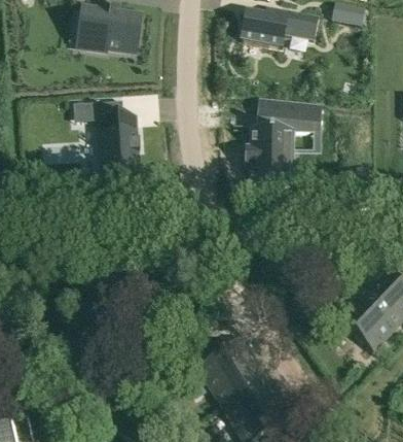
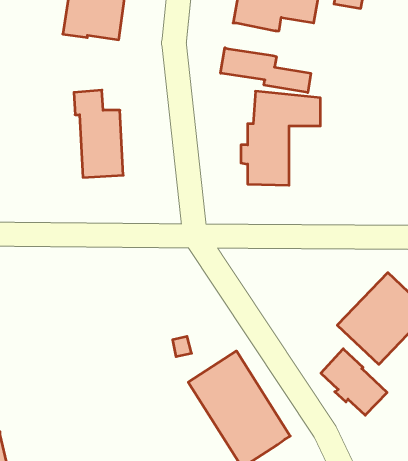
building: none -> [221,48,311,93]
building: none -> [321,349,387,415]

